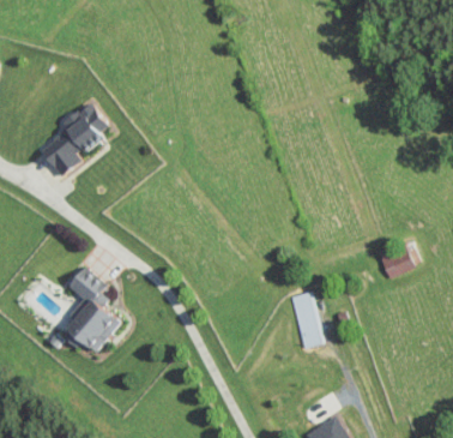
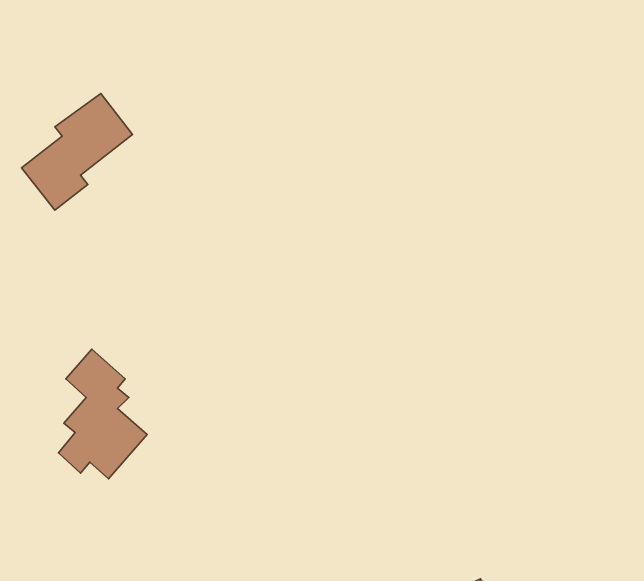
building: [380,245,415,278] -> none
building: [289,292,324,349] -> none

